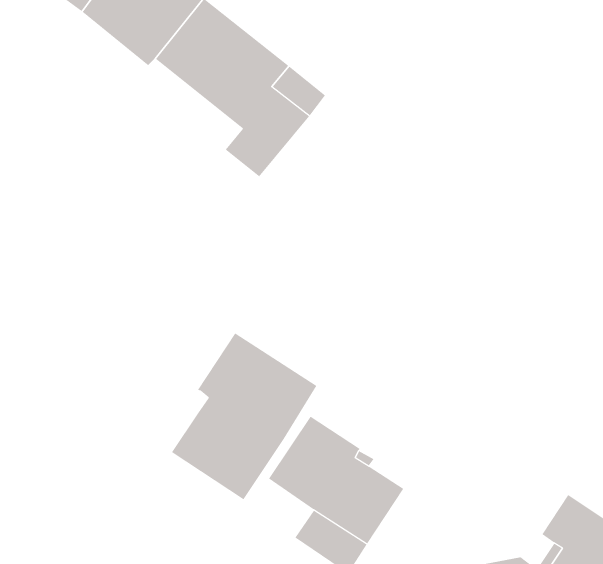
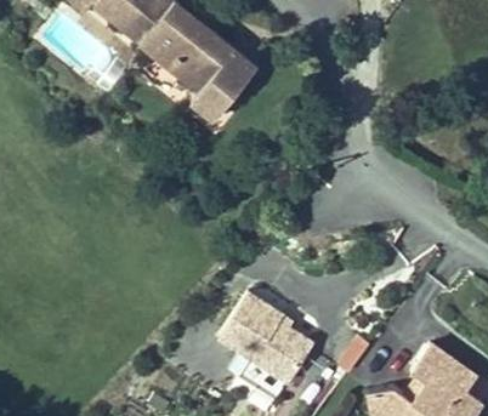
building: [171,333,317,500] -> none

